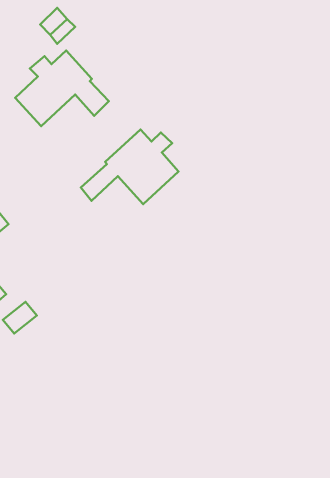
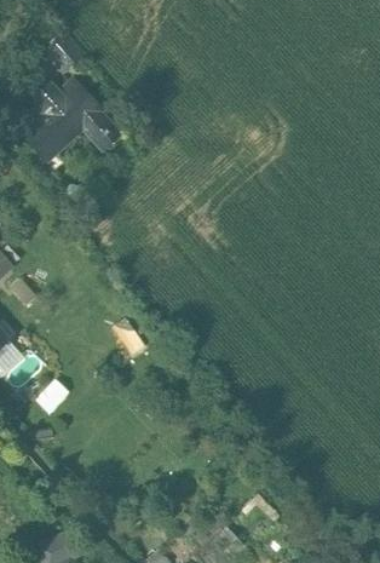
building: [81,129,179,204] -> none

